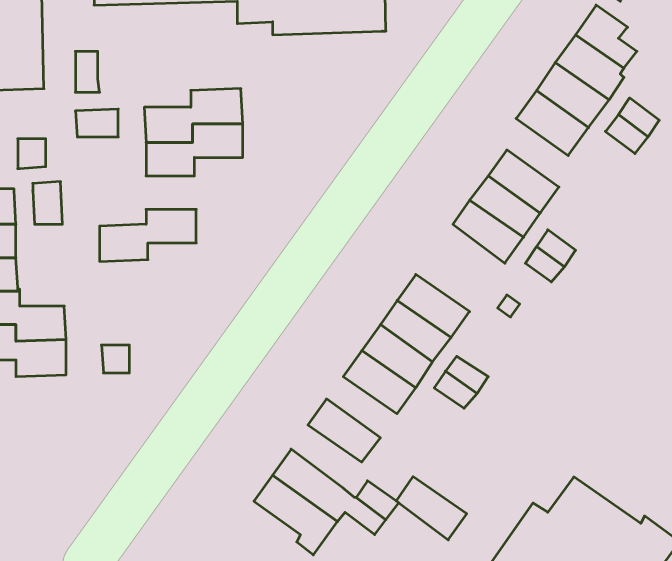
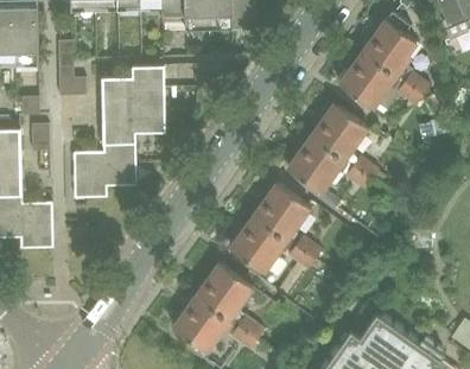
building: none -> [103,107,165,140]
building: none -> [287,149,332,191]
building: none -> [74,161,135,196]
building: [396,477,467,540] -> [196,278,241,318]

